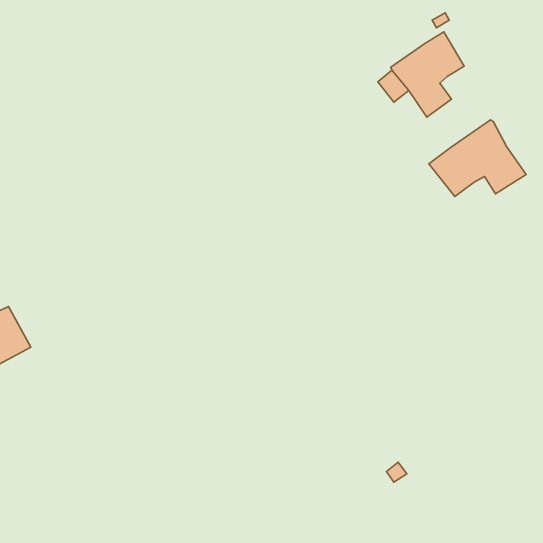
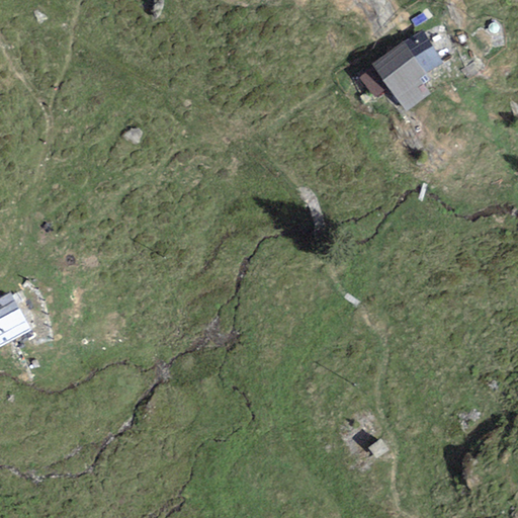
building: [429,120,526,196] -> none

